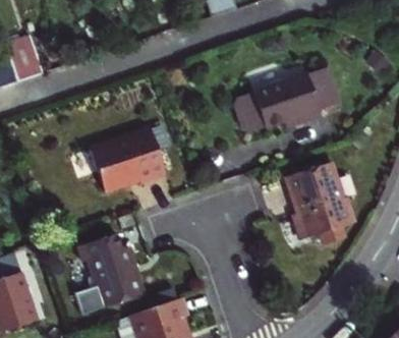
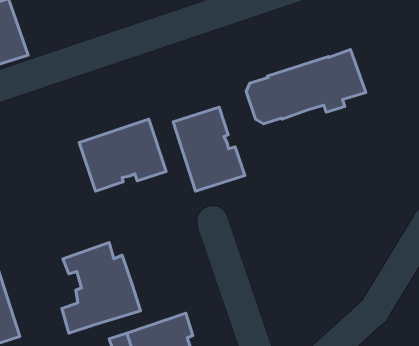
building: none -> [173,107,245,191]
building: [287,162,358,244] -> none

